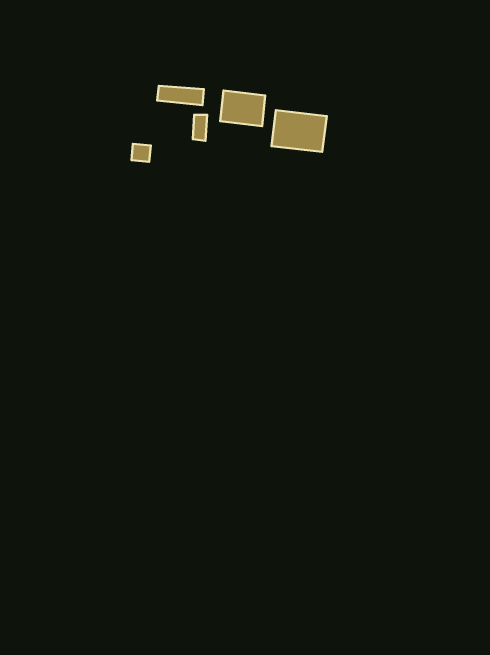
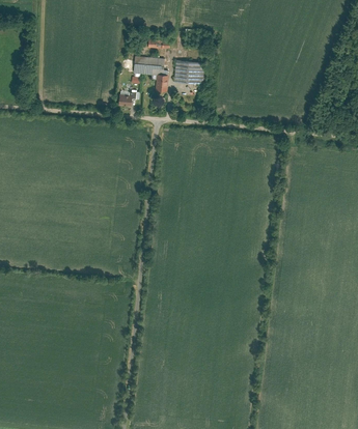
building: [271,110,327,152] -> none

